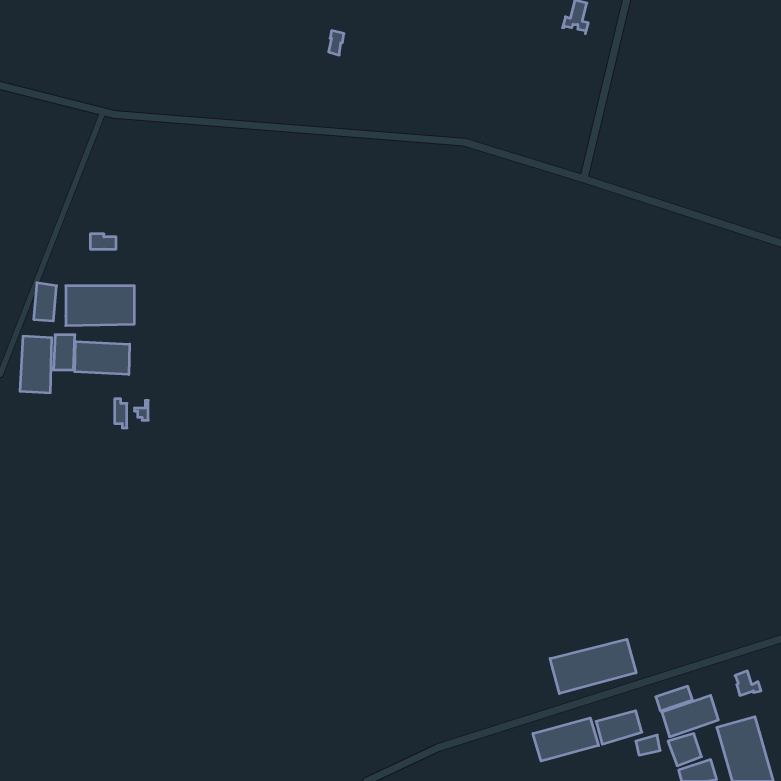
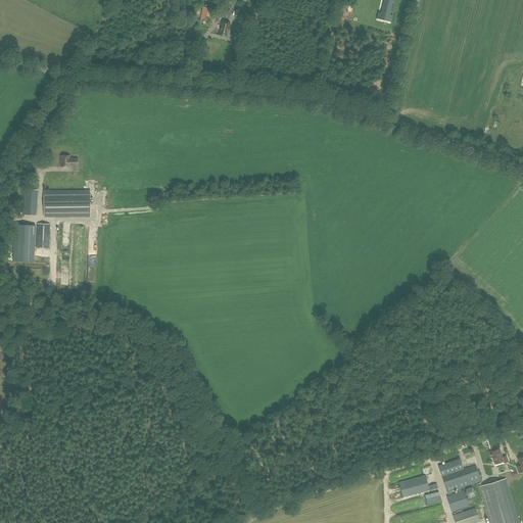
building: [75,341,130,375] -> none
building: [550,639,636,694] -> none
building: [533,718,599,761] -> none

